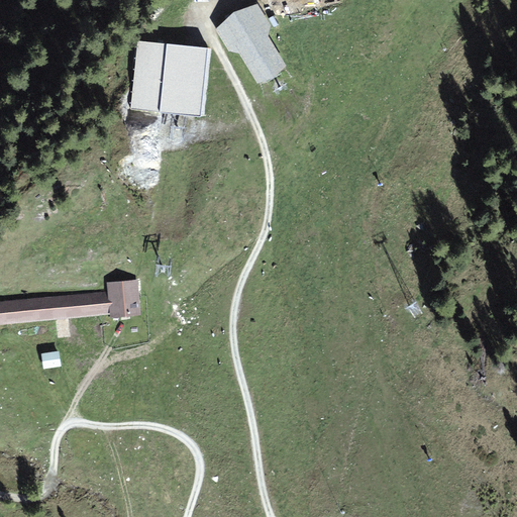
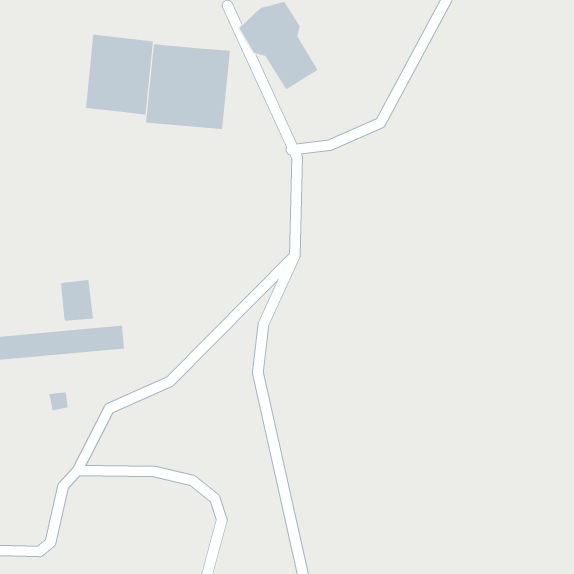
building: none -> [85,34,153,115]
building: [109,279,139,316] -> [60,280,94,321]

